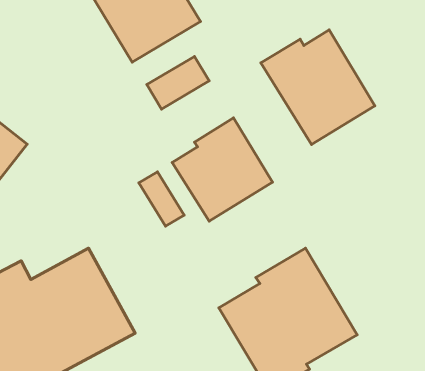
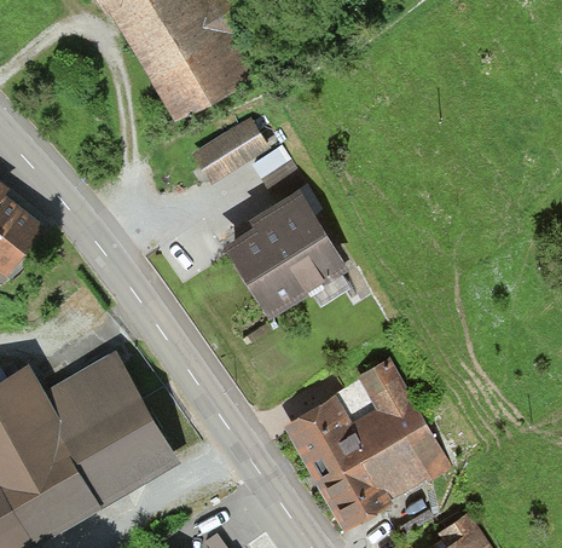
building: [261,30,375,145] -> none
building: [139,172,184,226] -> none

